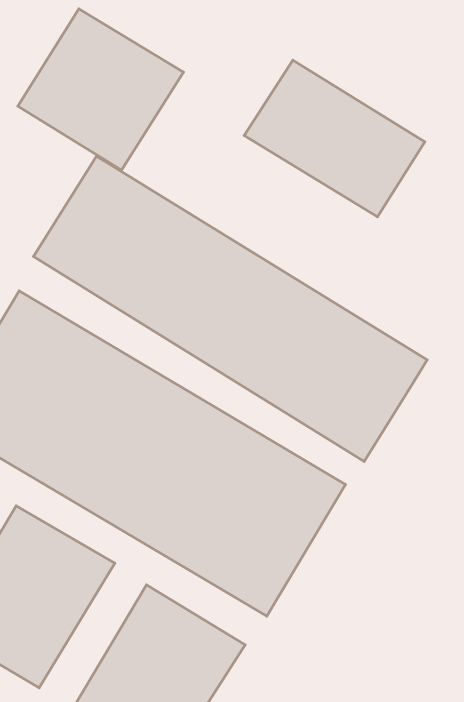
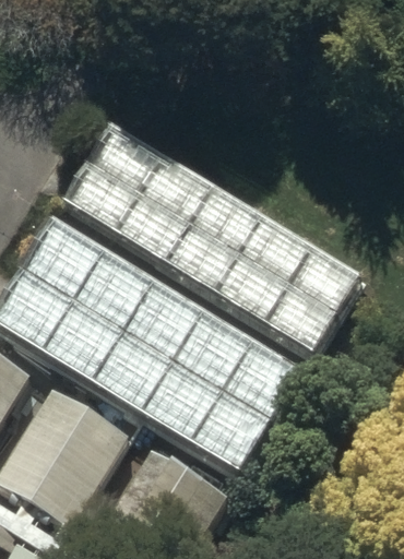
building: [18,9,183,170] -> none
building: [244,60,425,217] -> none

